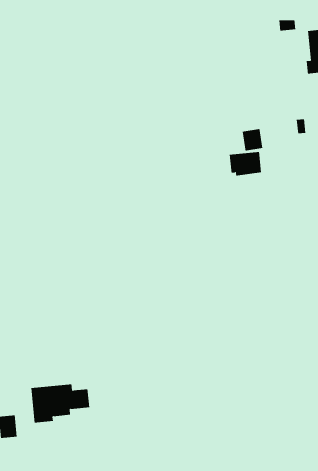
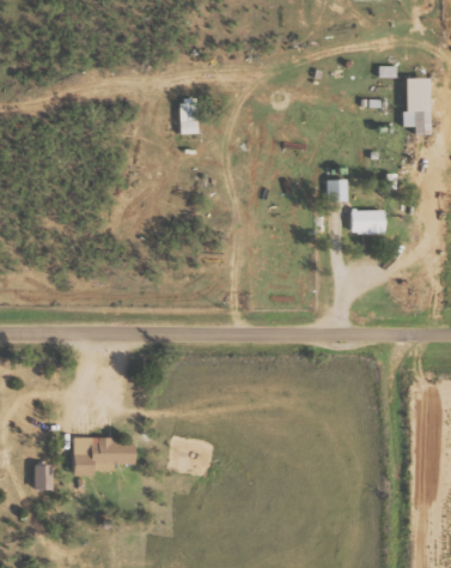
building: none -> [178,102,197,134]
building: [229,151,262,176] -> [351,211,384,235]

